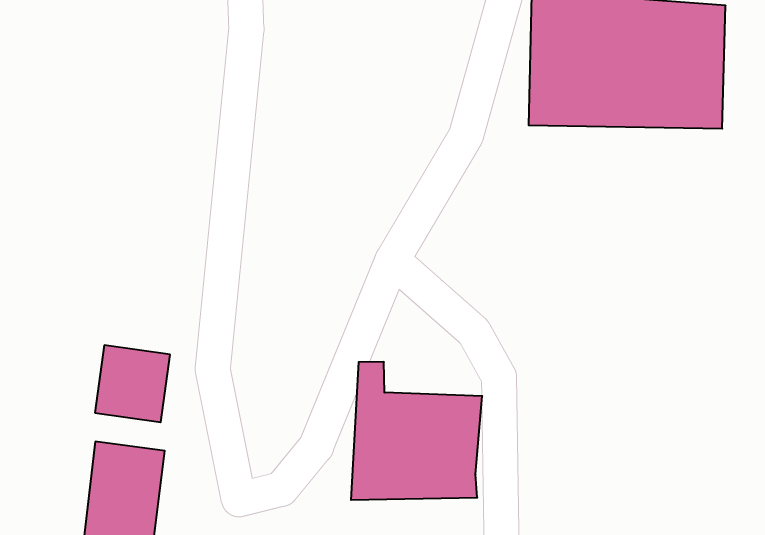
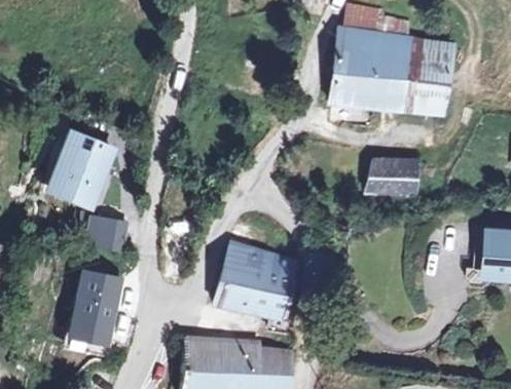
building: none -> [48,123,108,202]
building: none -> [369,162,424,199]

